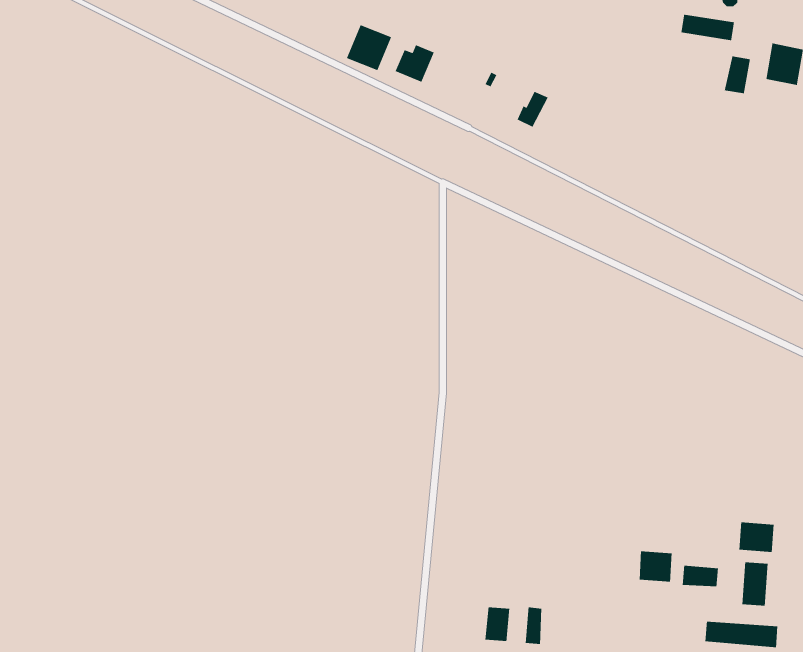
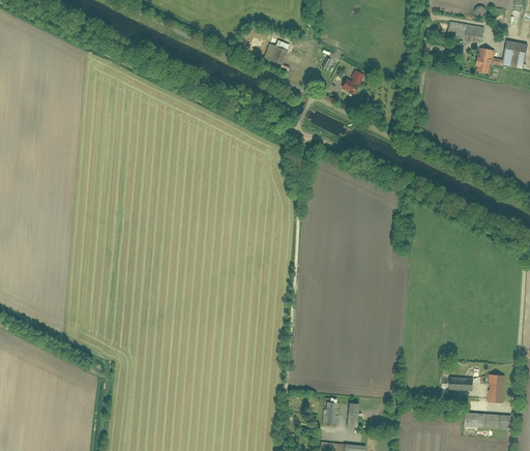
building: [346,24,392,71] -> none
building: [738,522,775,553] -> none
building: [639,550,672,583] -> none

